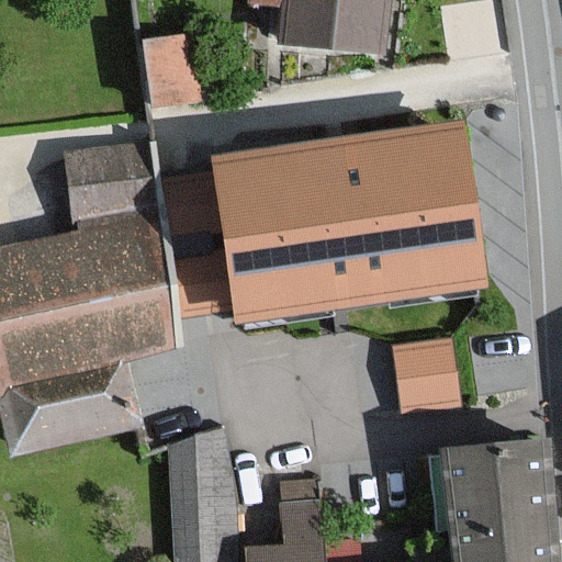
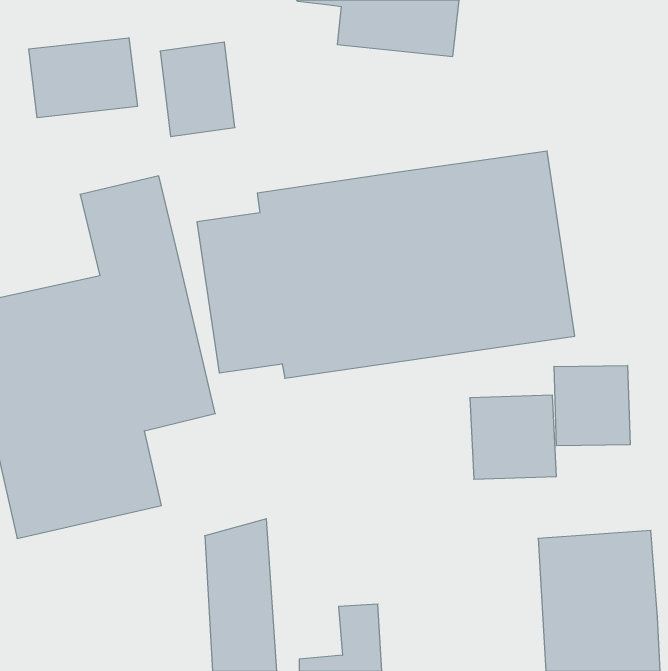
building: none -> [29,38,137,118]
building: none -> [554,365,630,446]

